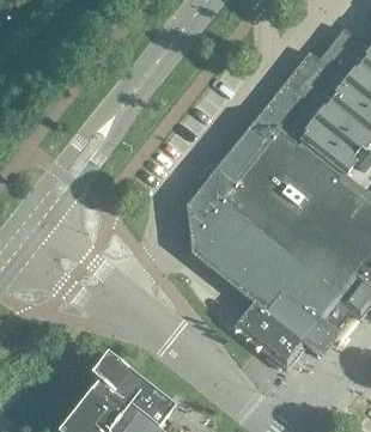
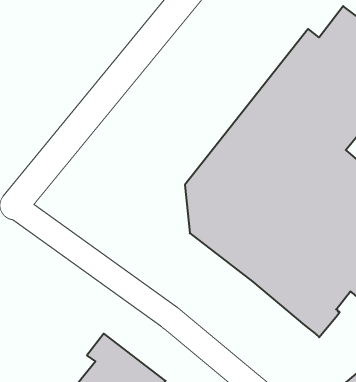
building: [233,302,305,369] -> none

